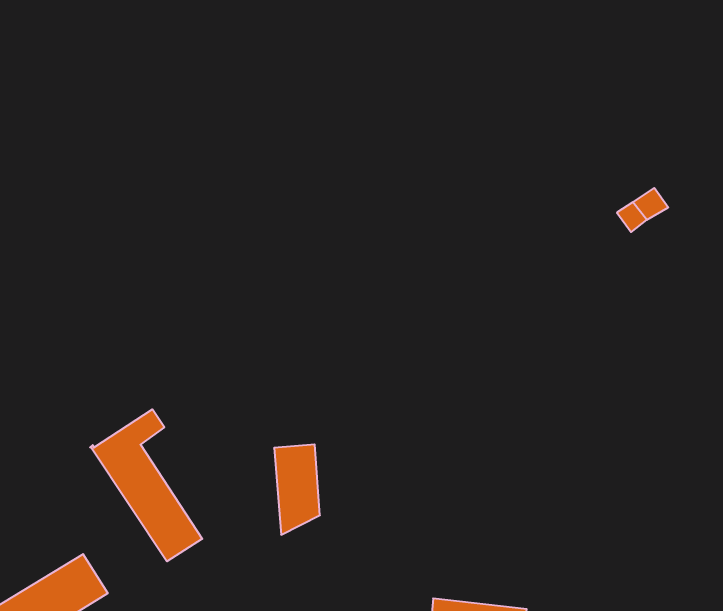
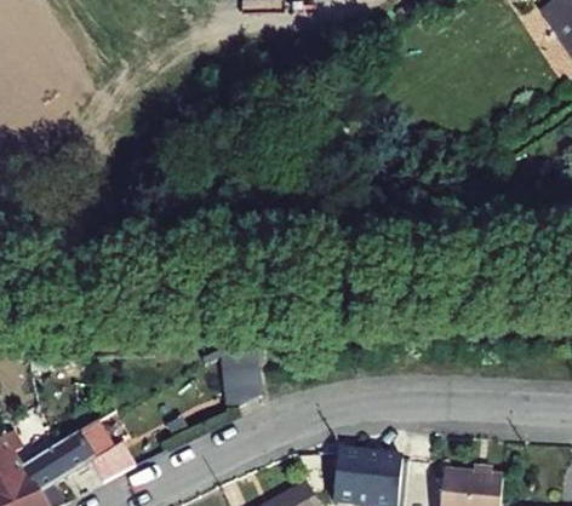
building: [90,409,202,561] -> none

